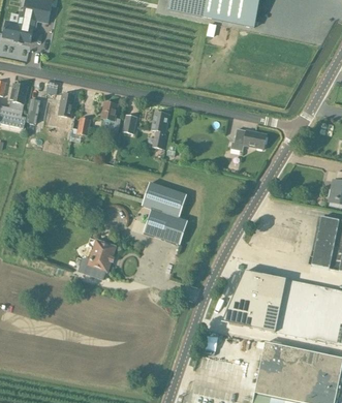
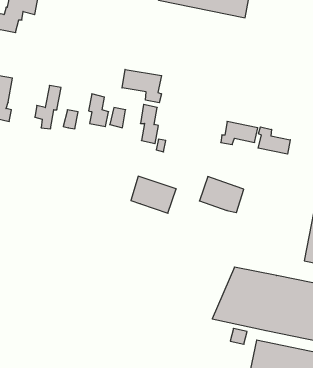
building: none -> [122,69,162,103]
building: none -> [258,127,290,154]
building: [144,209,187,244] -> [199,177,244,213]
building: [85,240,116,279] -> none

